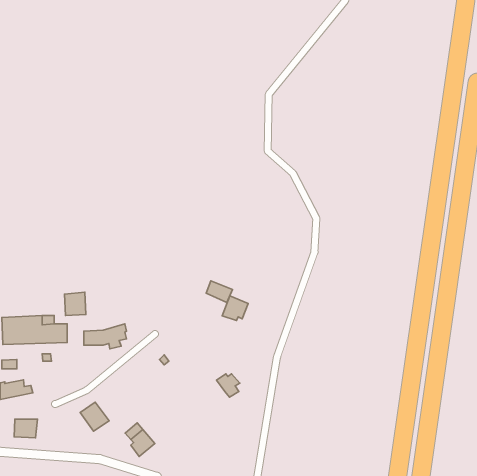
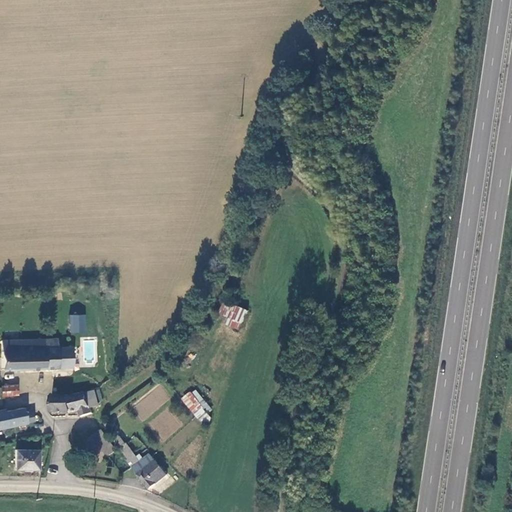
building: [222,296,248,321] -> none
building: [84,324,127,349] -> [53,390,99,417]
building: [217,374,240,397] -> [182,392,207,417]

